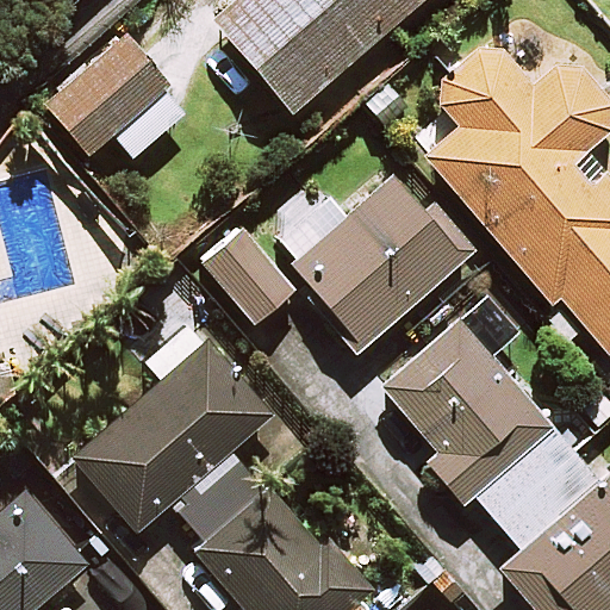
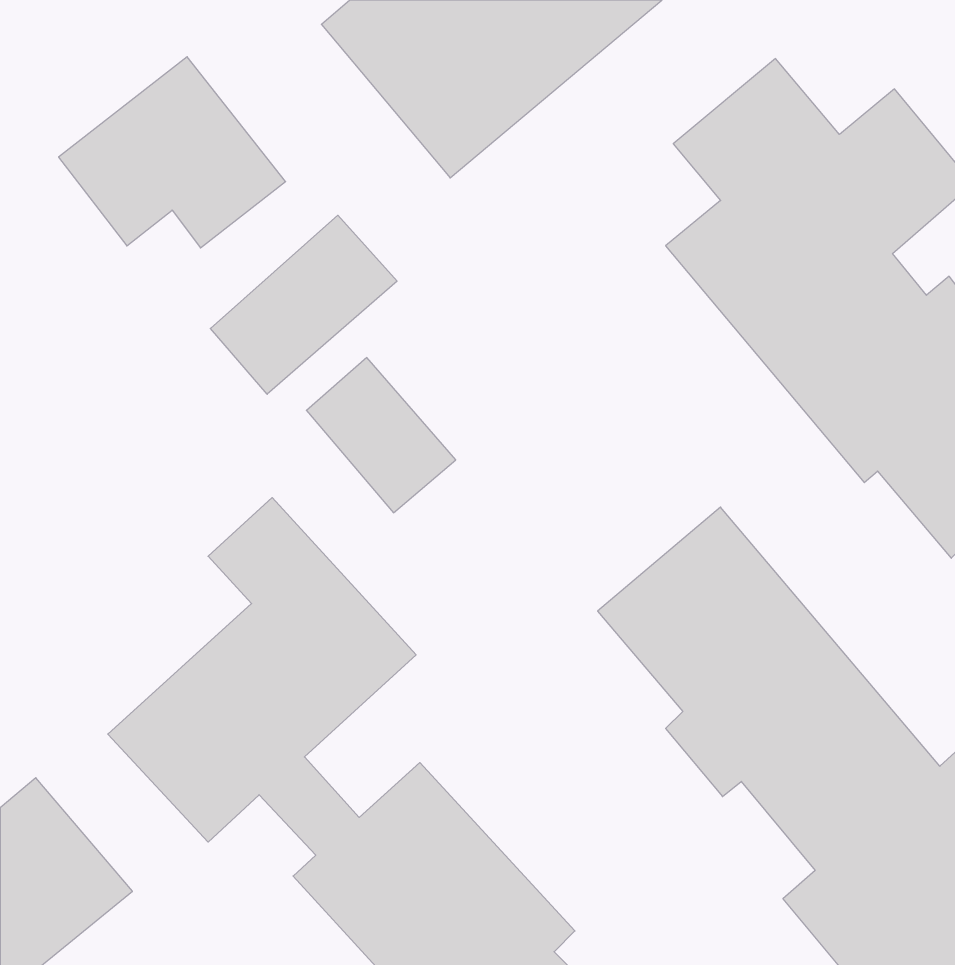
building: none -> [210,215,397,394]
building: [269,178,474,348] -> none

